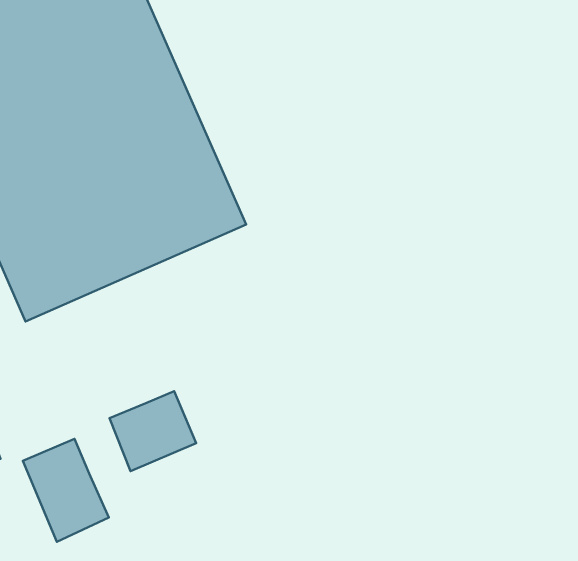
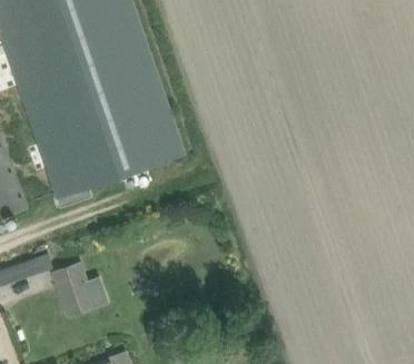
building: [110,391,196,471] -> none

